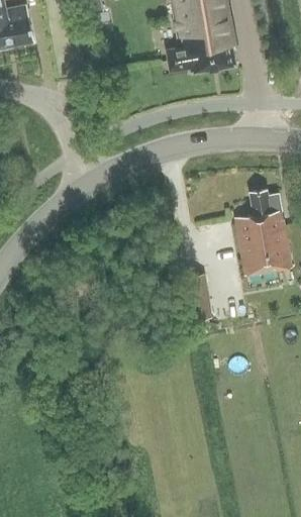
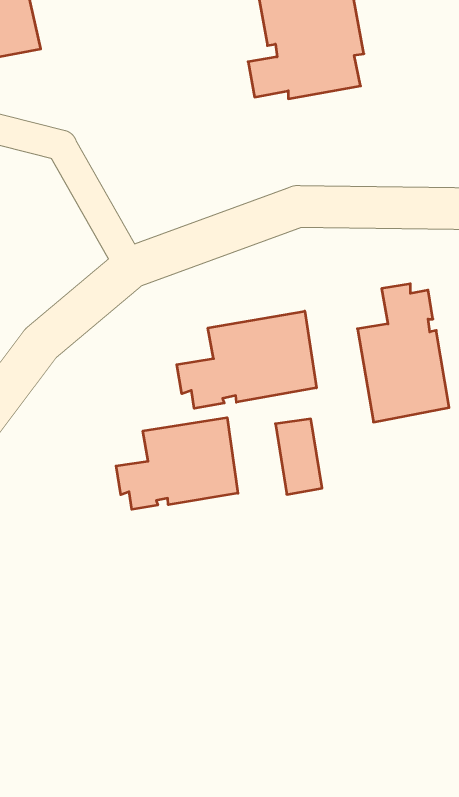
building: none -> [177,311,316,408]
building: none -> [116,418,238,509]

